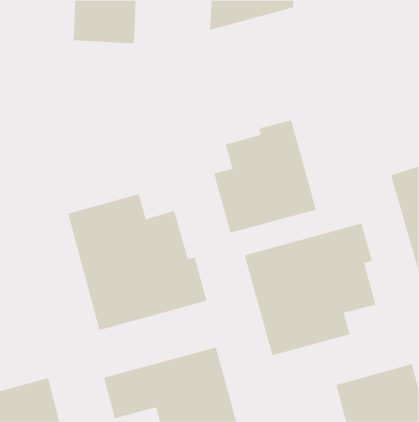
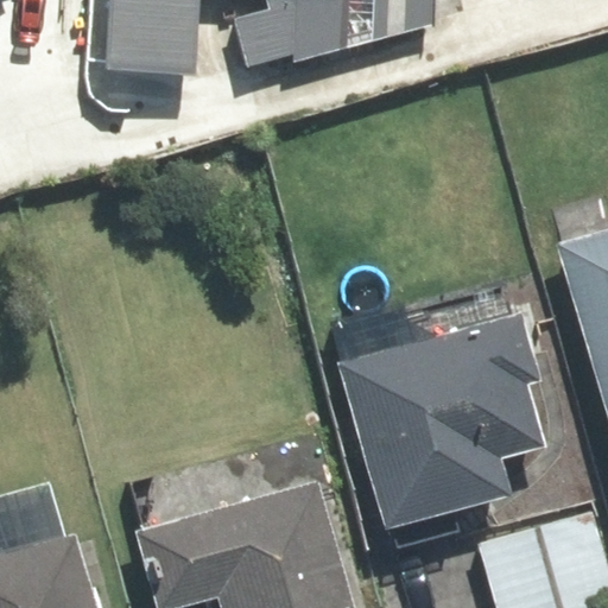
building: [214,119,316,233] -> none
building: [68,194,207,331] -> none

